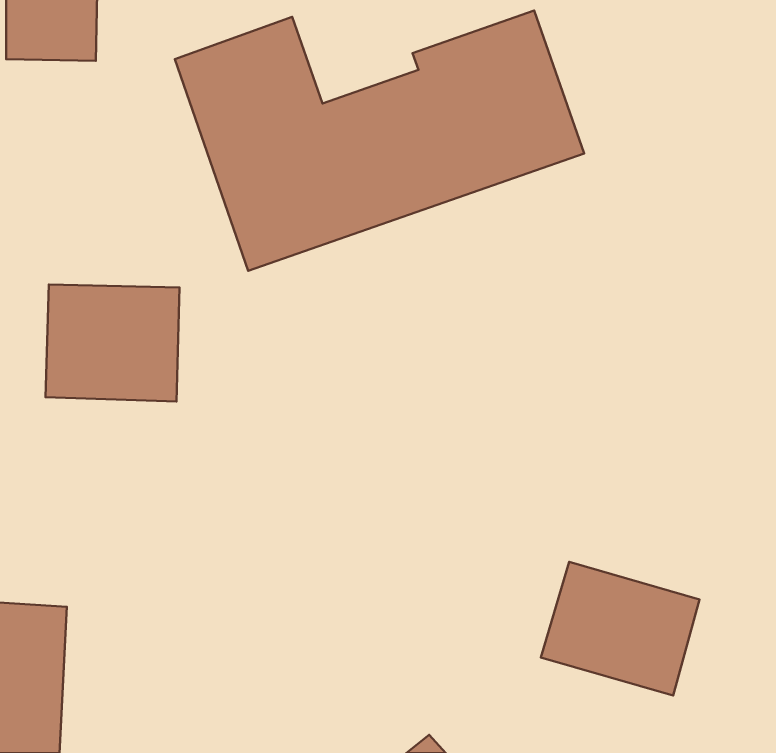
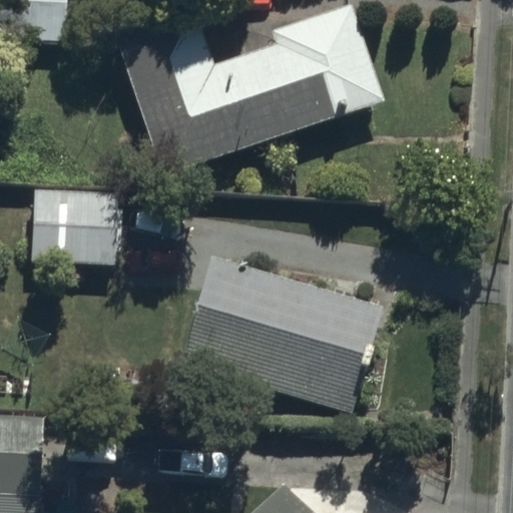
building: none -> [180,261,382,413]
building: [541,562,700,696] -> none

